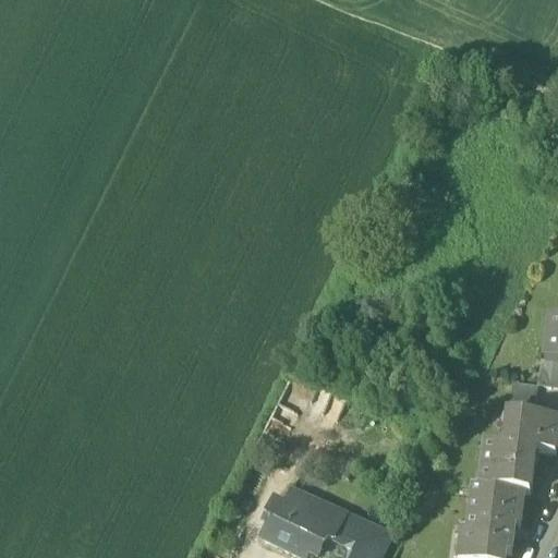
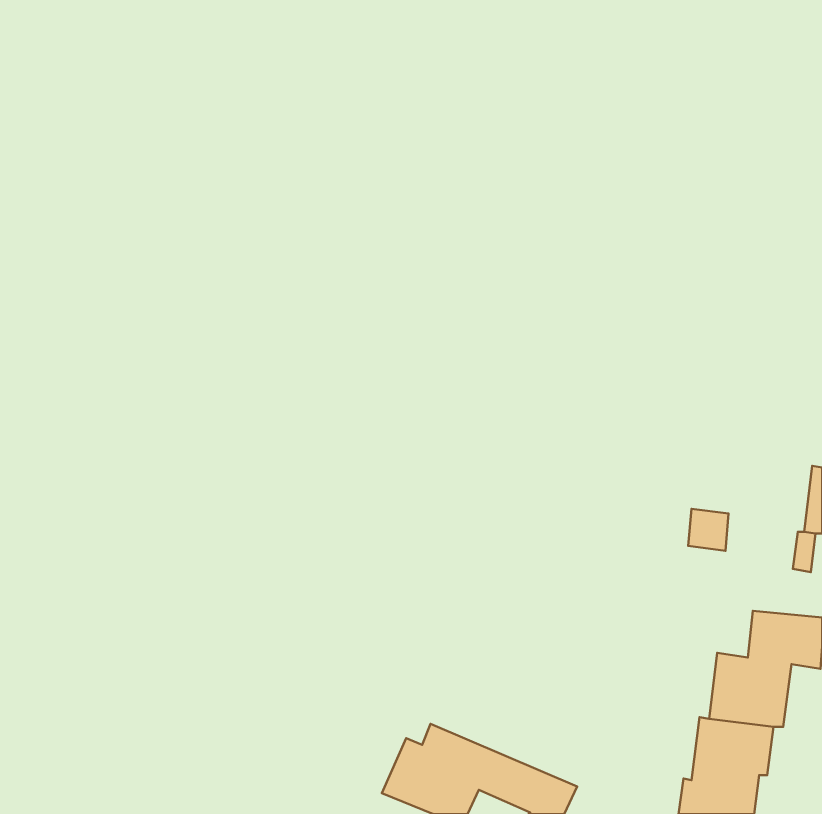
building: [509,381,536,410] -> [688,509,729,551]

